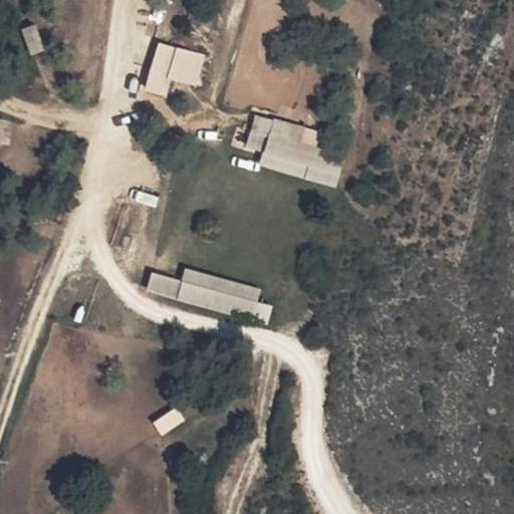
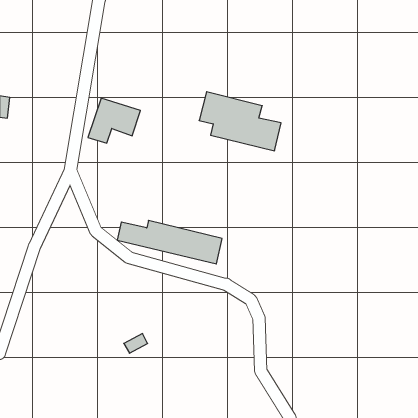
building: [142,40,206,95] -> [88,98,140,143]

